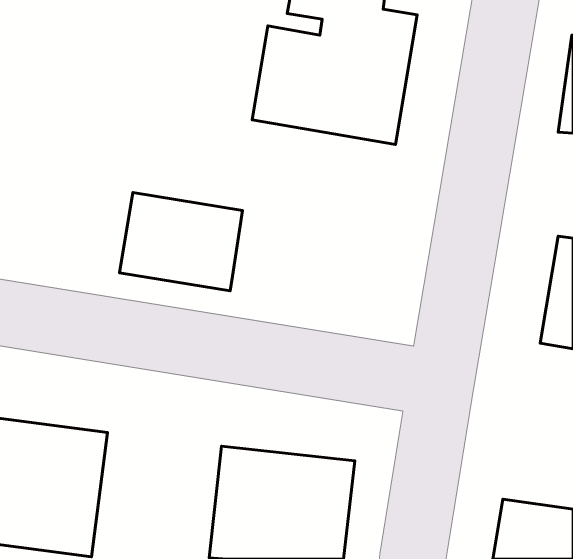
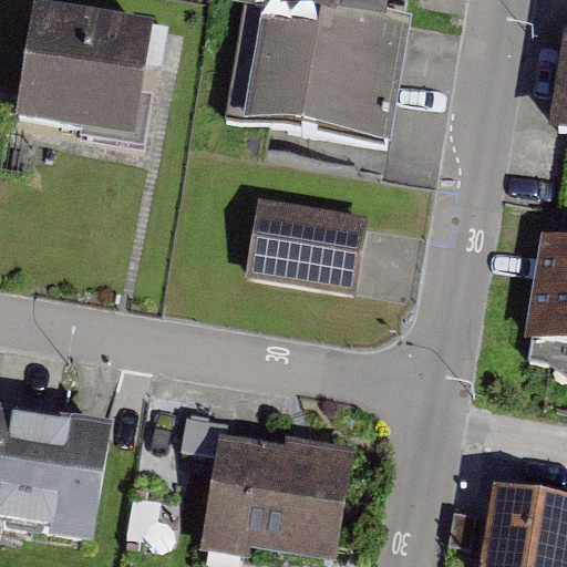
building: none -> [19,6,150,136]
building: [119,192,243,291] -> [245,198,365,295]

